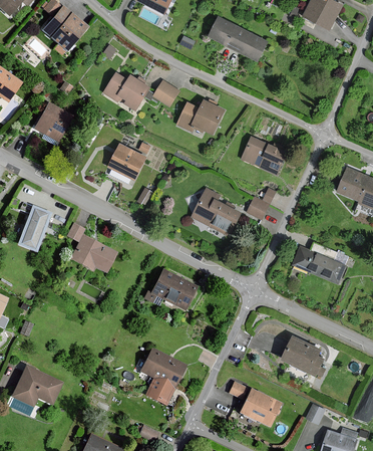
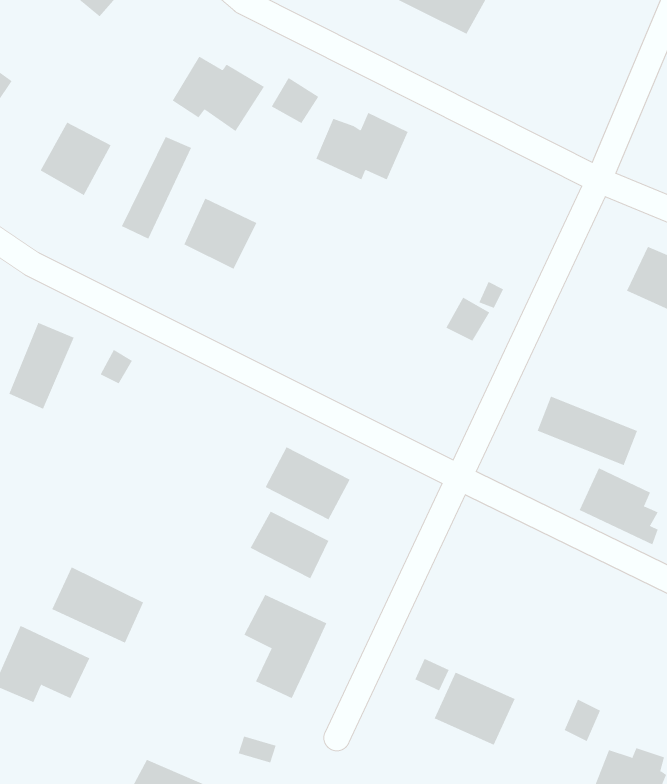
building: none -> [121,136,192,239]
building: [242,135,288,175] -> none
building: [191,188,240,234] -> none
building: [72,235,115,270] -> none
building: none -> [250,511,329,579]
building: none -> [51,567,144,643]
building: [281,335,322,376] -> [579,467,659,545]

